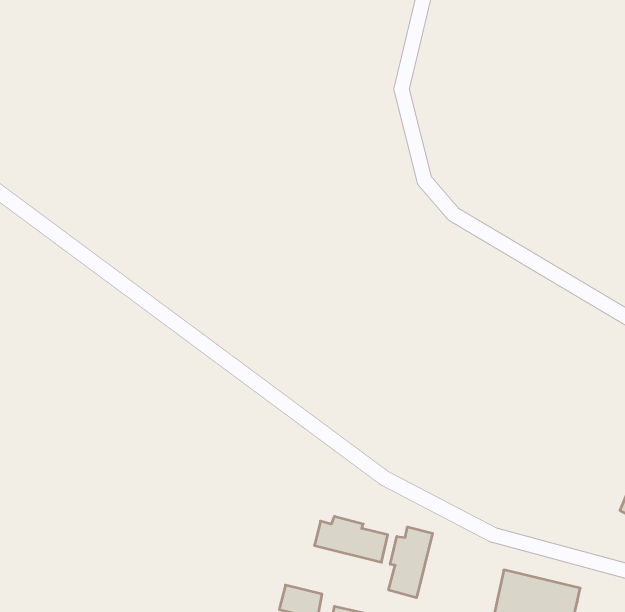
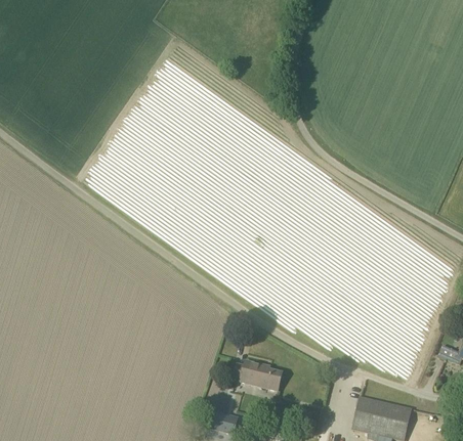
building: [389,527,433,598] -> none

